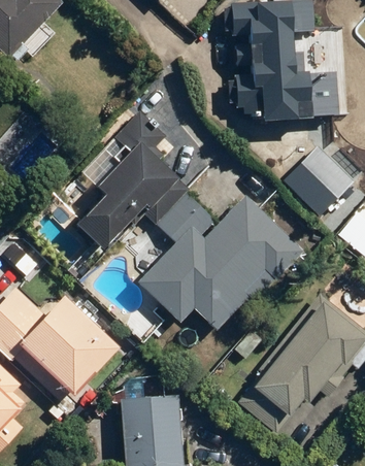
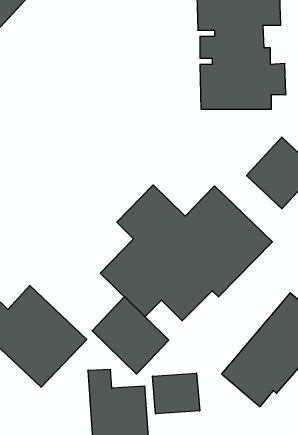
building: [73,113,193,252] -> none
building: none -> [92,297,169,374]
building: none -> [153,373,200,414]

